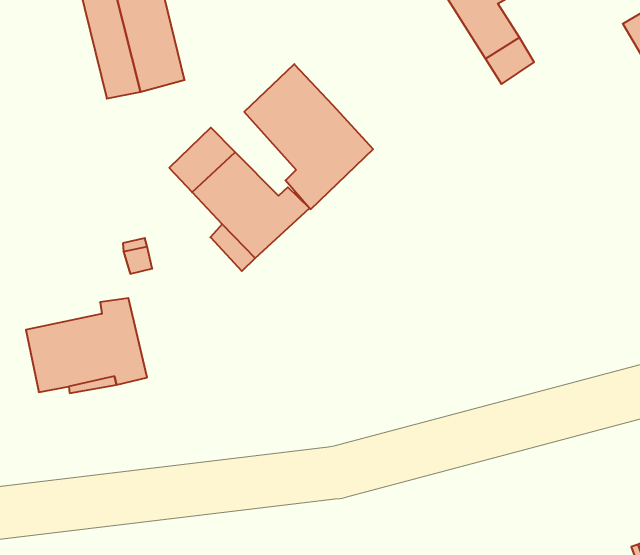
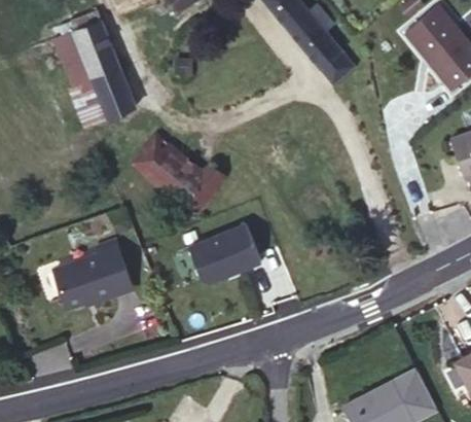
building: [244,64,373,209] -> none
building: none -> [187,222,260,288]

